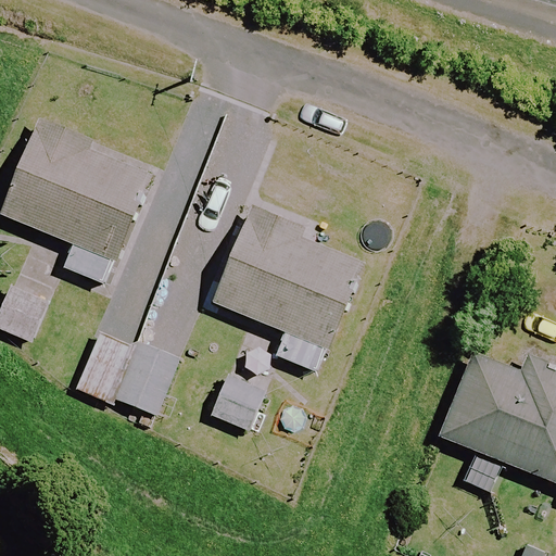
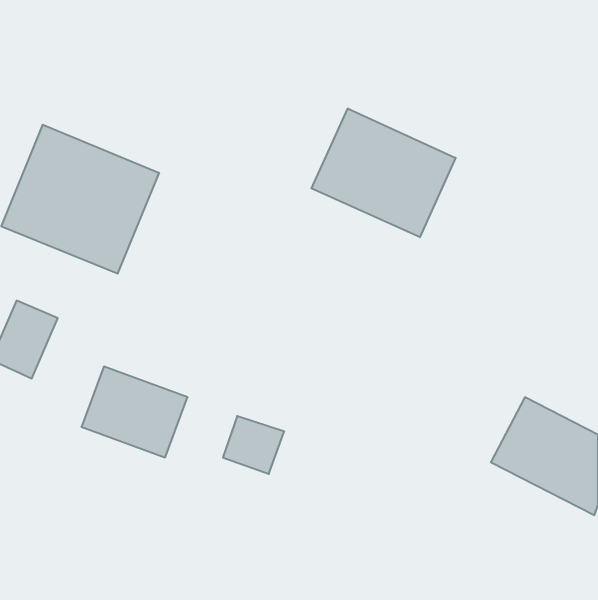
building: none -> [311,108,456,237]
building: [212,216,366,340] -> none

